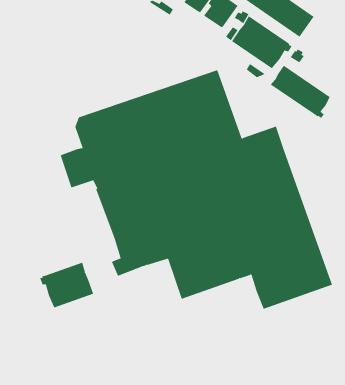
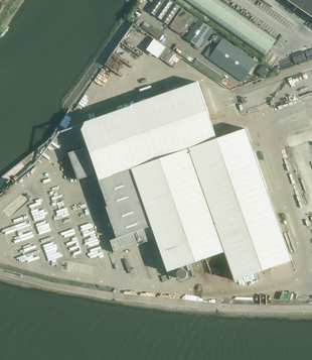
building: [270,65,331,119] -> none
building: [40,262,94,309] -> none

